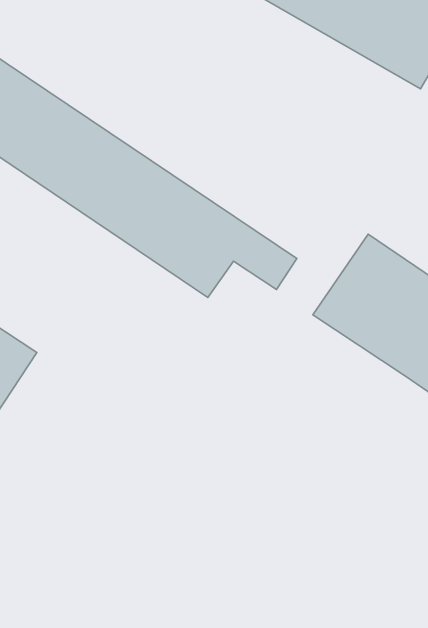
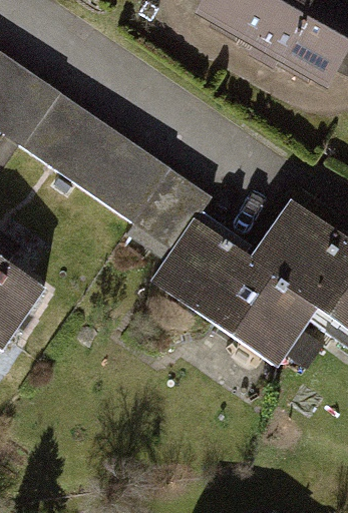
building: none -> [149,218,319,367]

